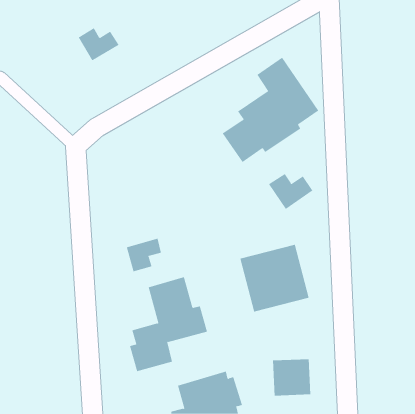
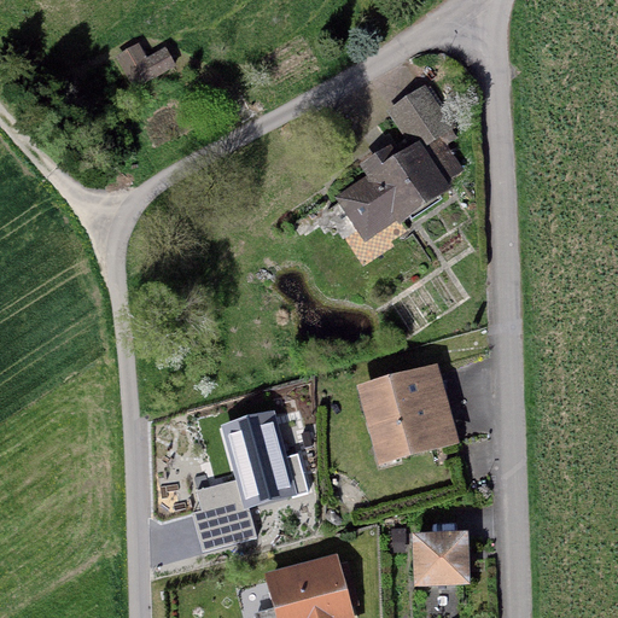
building: [268,173,313,210] -> none
building: [126,238,162,272] -> none

